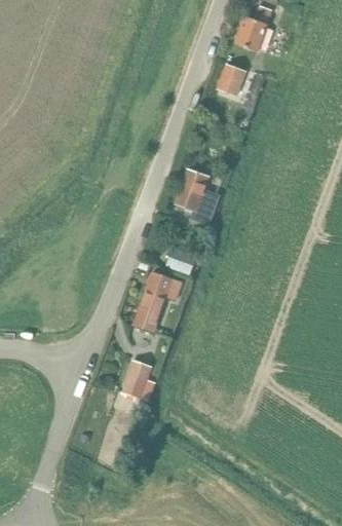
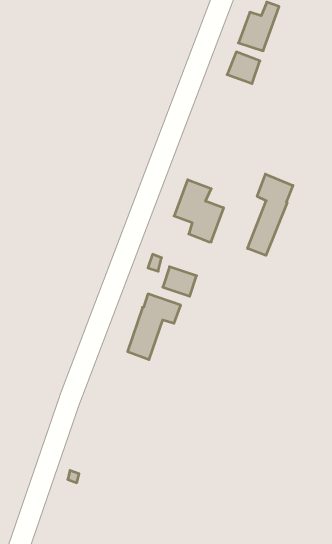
building: none -> [248,174,293,255]
building: [122,361,155,400] -> none

